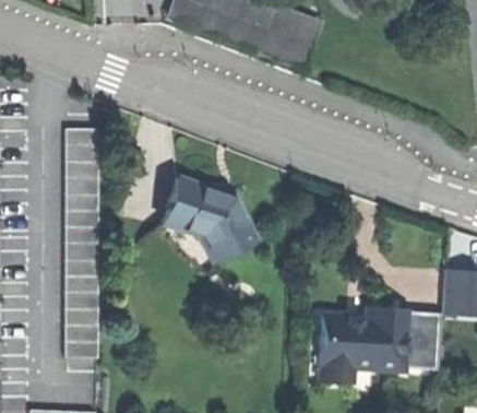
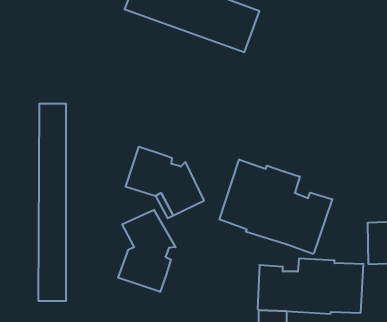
building: none -> [219,159,332,254]
building: none -> [118,210,176,292]

